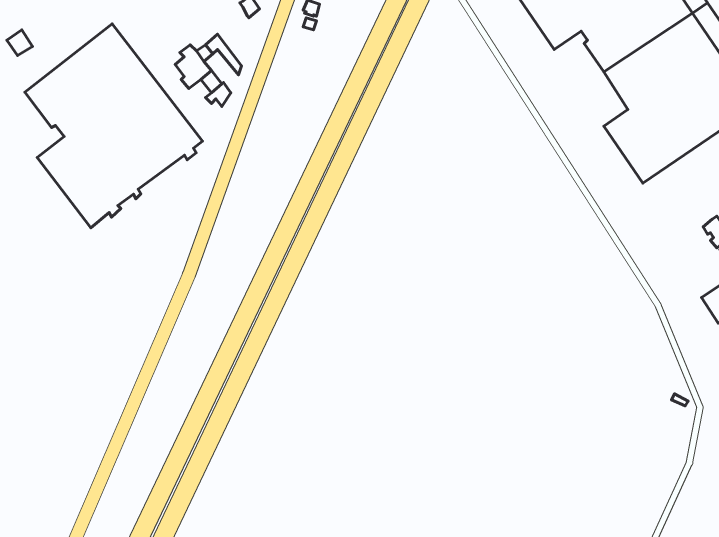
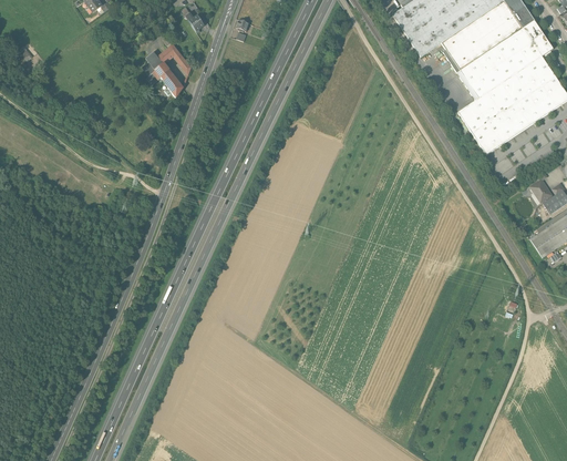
building: [25,24,202,228] -> none

